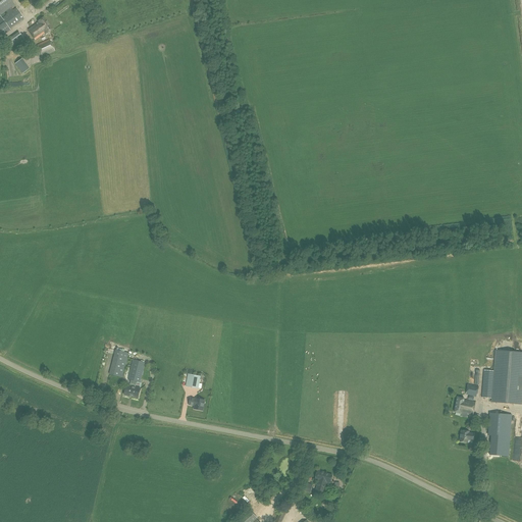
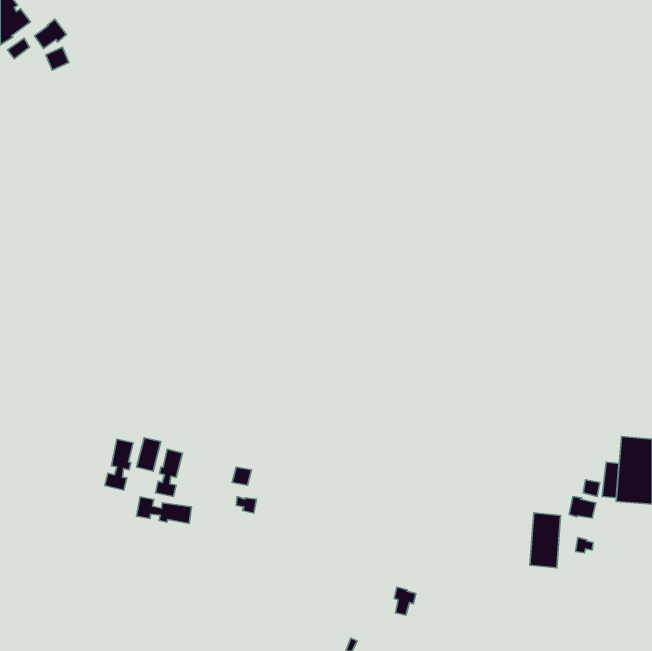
building: none -> [105,439,133,490]
building: none -> [137,497,192,524]
building: [487,412,512,456] -> [530,513,561,568]

